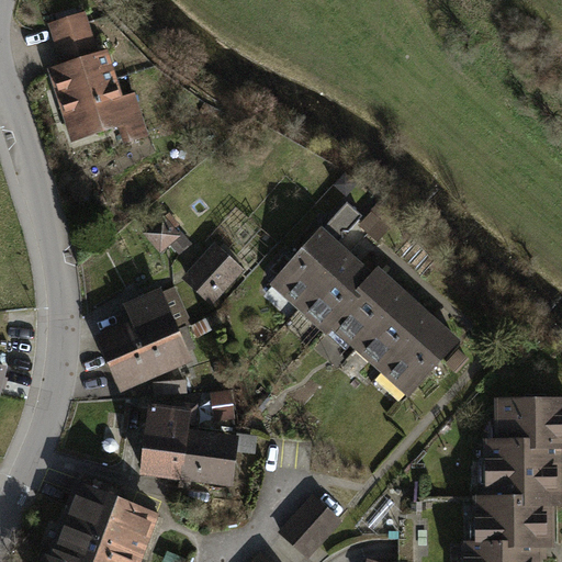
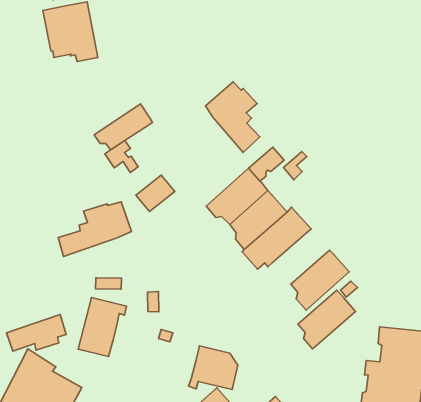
building: none -> [205,82,260,153]
building: none -> [94,104,152,150]
building: [362,294,429,368] -> [298,290,355,349]
building: [112,333,183,383] -> [7,314,66,351]
building: [178,435,234,486] -> [188,346,238,389]

